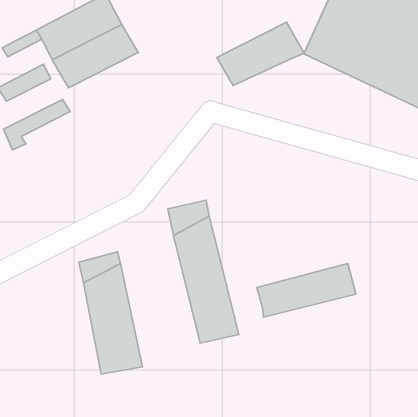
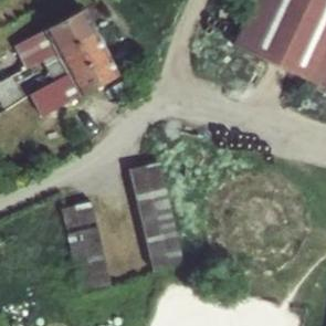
building: [217,22,304,86] -> [56,50,122,97]
building: [257,263,356,317] -> none

